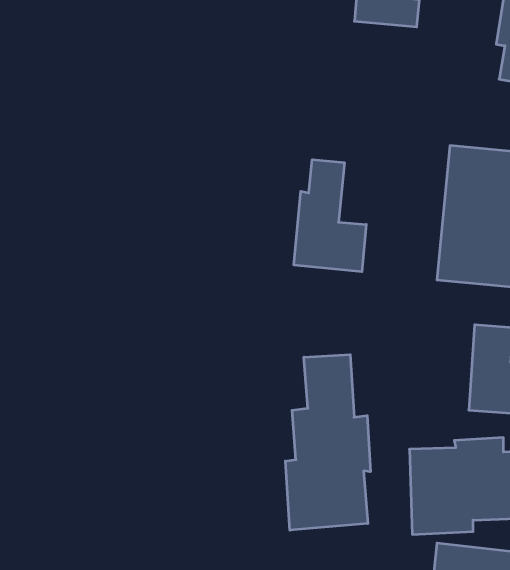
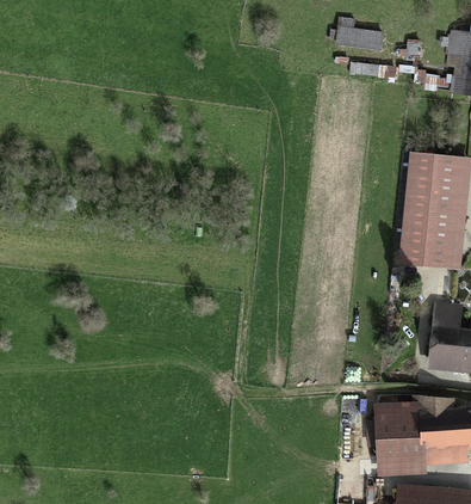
building: [294,160,366,272] -> none
building: [285,355,370,530] -> none

